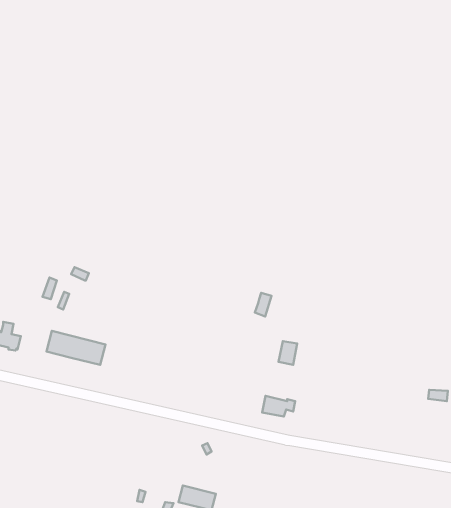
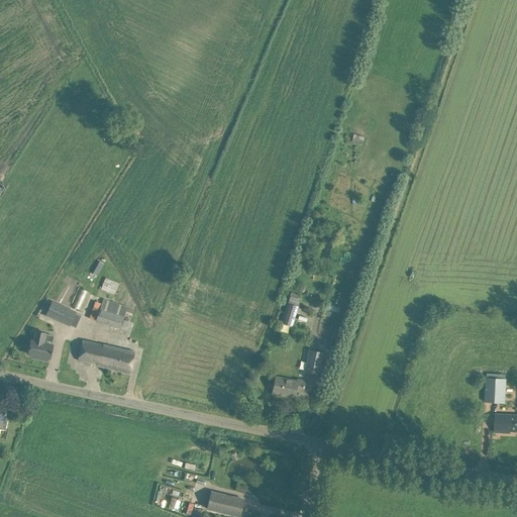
building: none -> [96,300,127,328]
building: none -> [46,302,82,325]
building: [262,396,295,417] -> [273,377,305,397]

